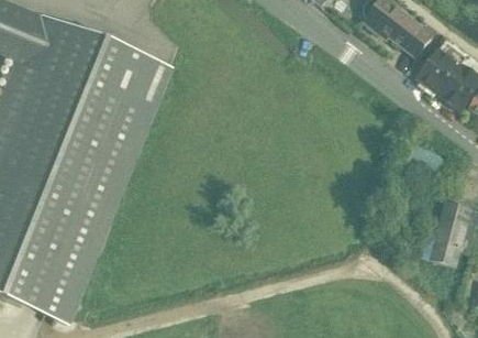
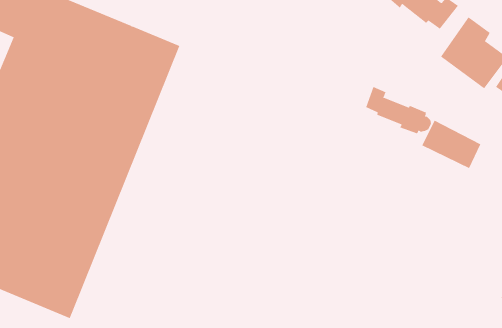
building: none -> [366,86,431,134]
building: [427,203,469,265] -> none

